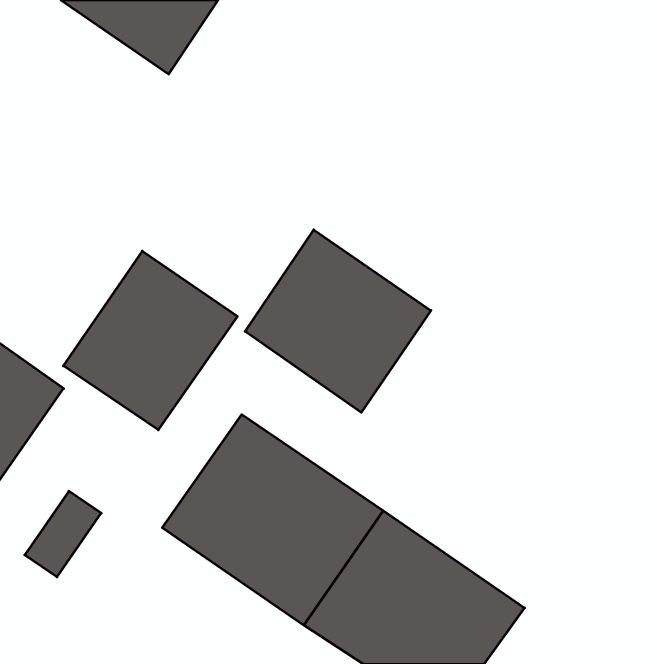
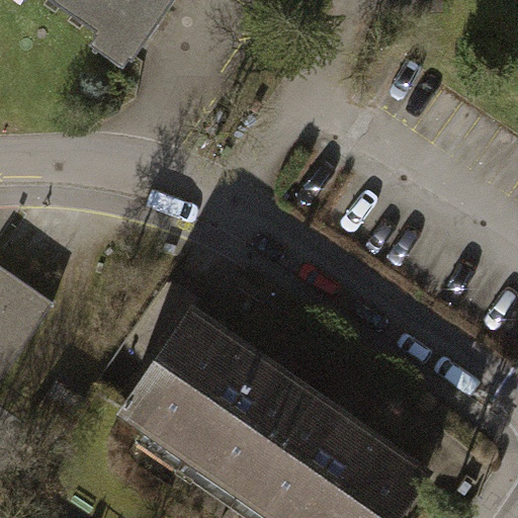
building: [245,230,431,412] -> none
building: [63,251,237,430] -> none

